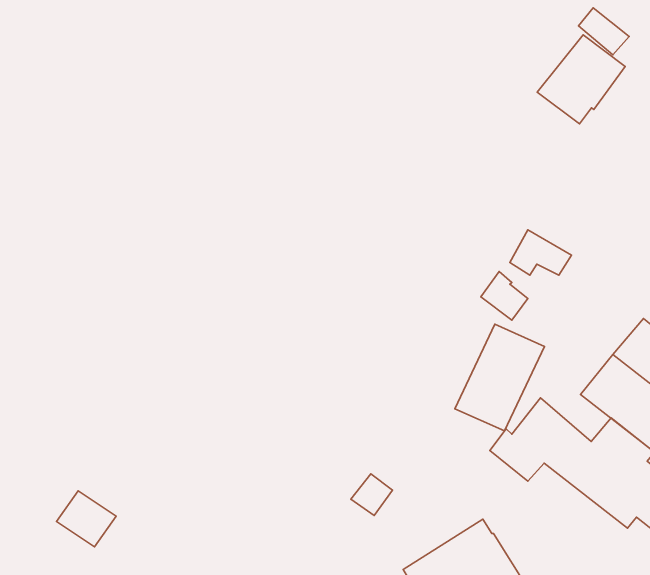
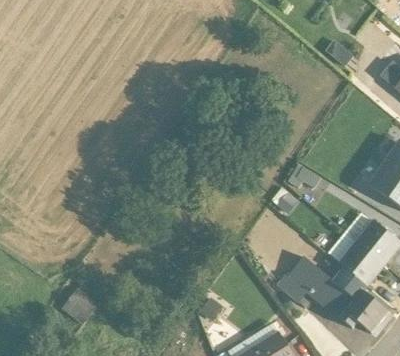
building: [537,35,625,124] -> none
building: [455,324,545,431] -> none
building: [57,491,116,547] -> [65,285,98,316]

